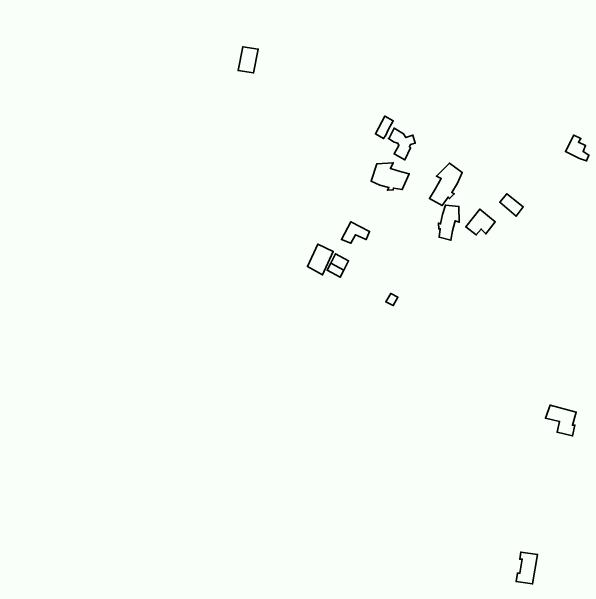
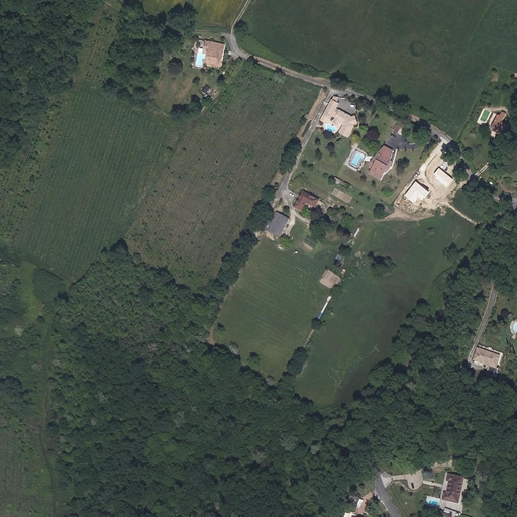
building: [371,163,409,190] -> none
building: [439,205,459,240] -> none

